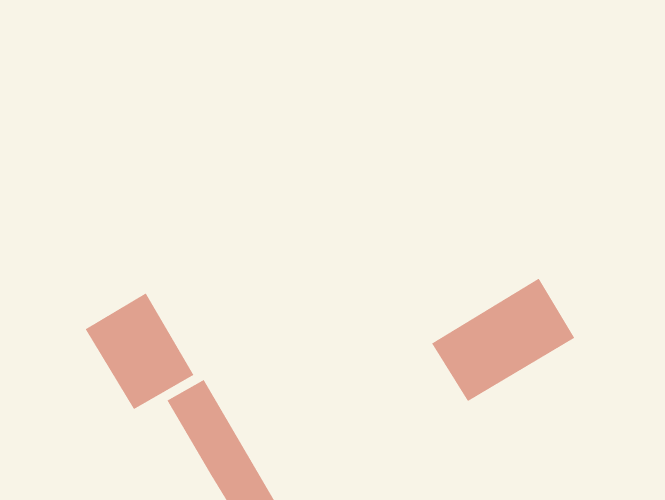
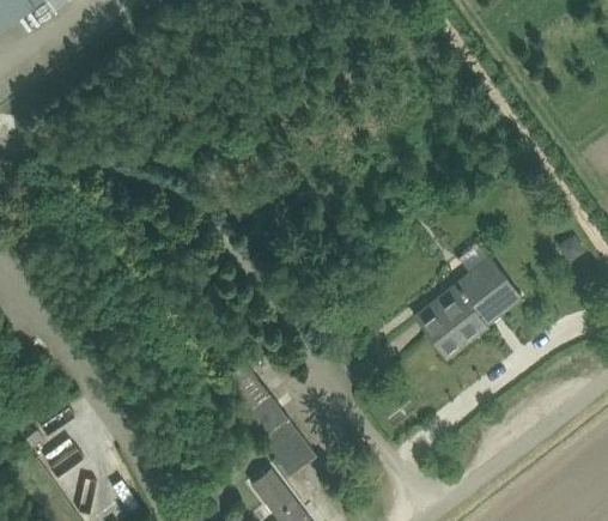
building: [85,293,194,410] -> none

